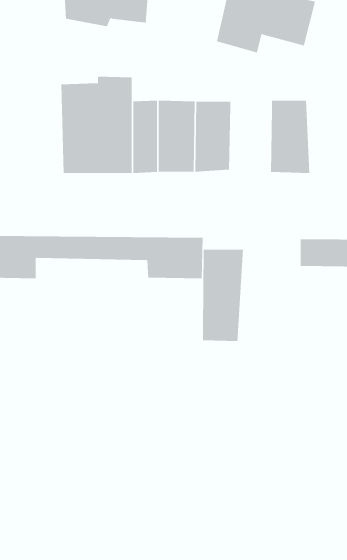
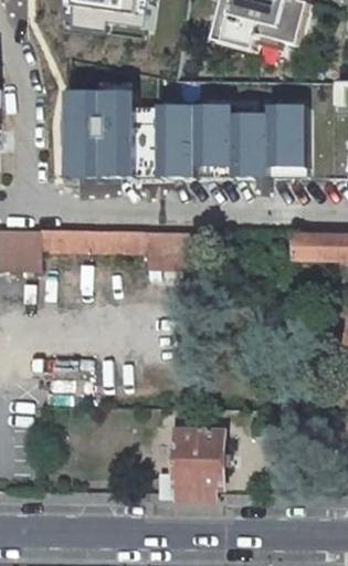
building: none -> [225,105,265,169]
building: [202,249,243,342] -> none
building: none -> [157,431,222,502]

